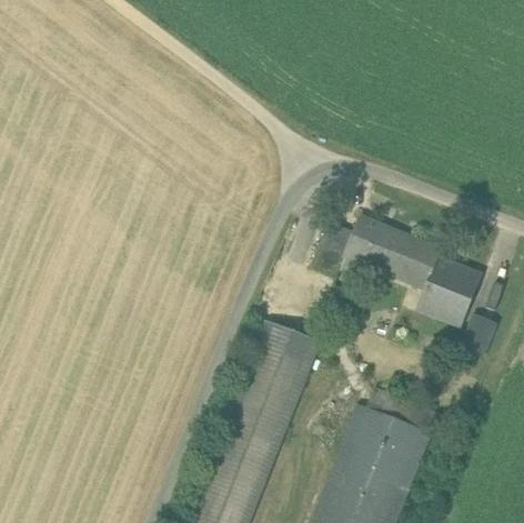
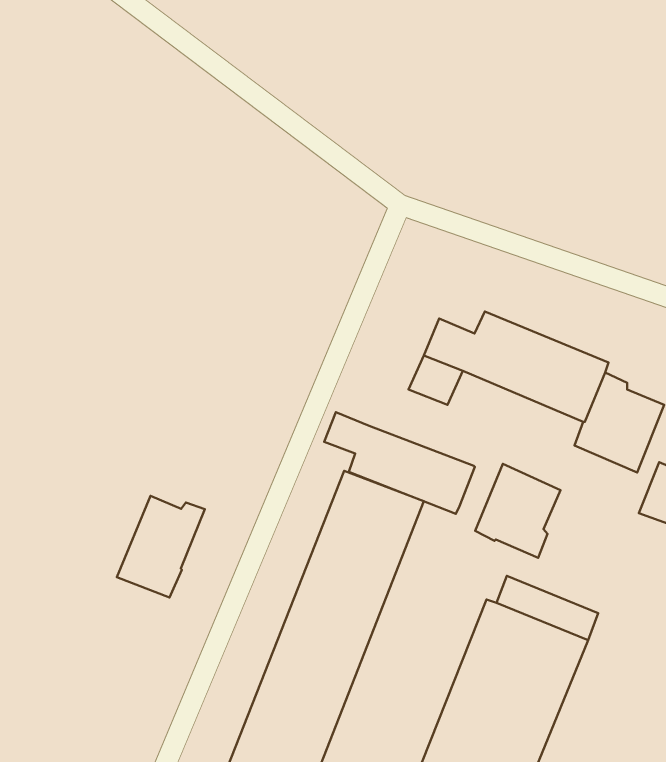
building: none -> [324,412,475,514]
building: none -> [475,464,561,558]
building: none -> [117,496,205,598]

